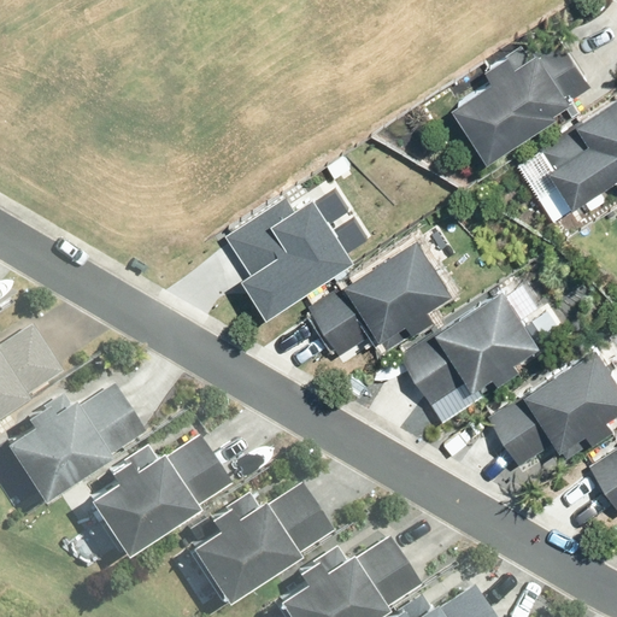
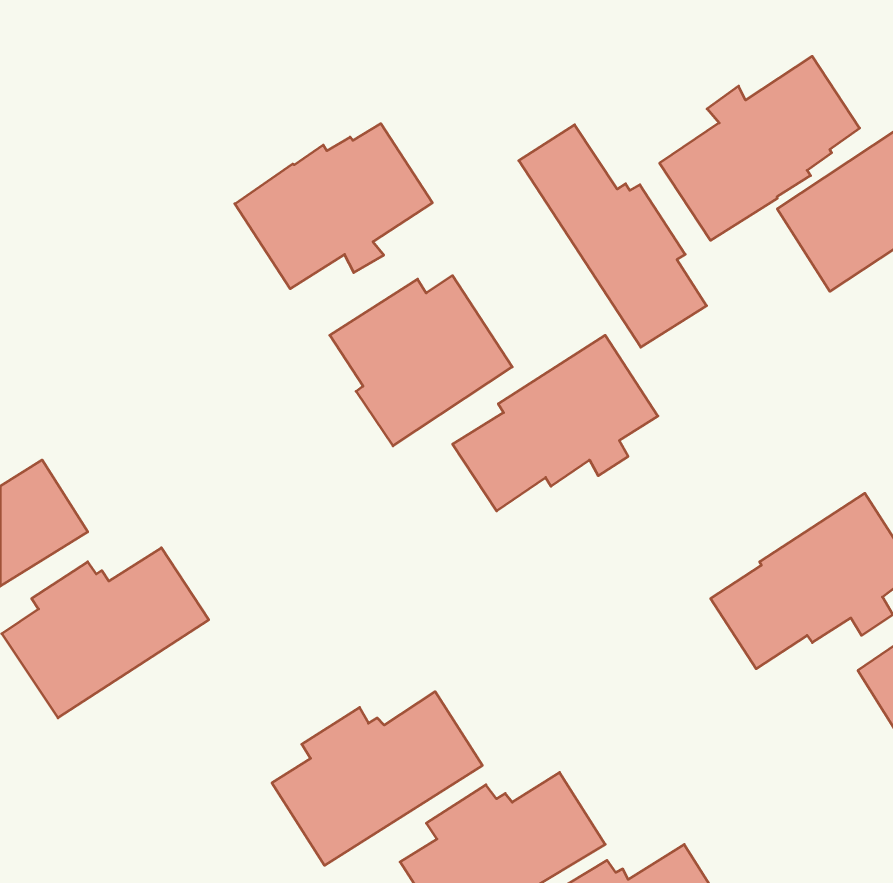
building: none -> [235,124,432,289]
building: none -> [519,125,707,347]
building: [401,292,540,409] -> none
building: [87,439,231,556] -> none

